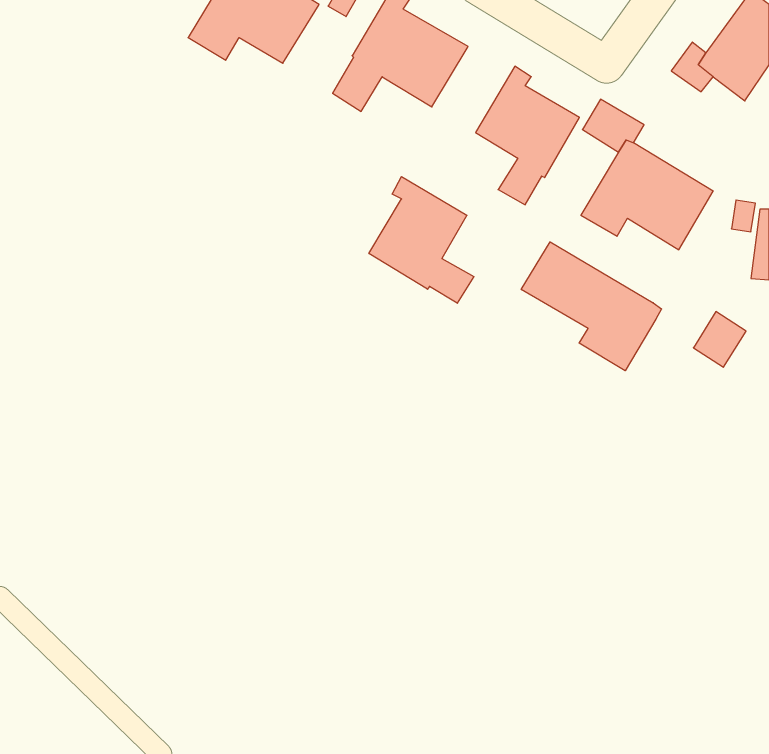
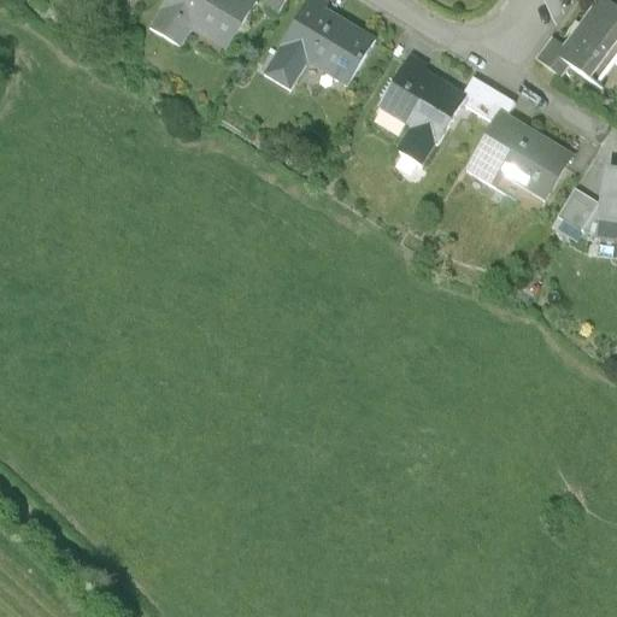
building: [369,177,474,303] -> none
building: [521,242,662,371] -> none
building: [693,312,746,367] -> [558,184,600,229]

